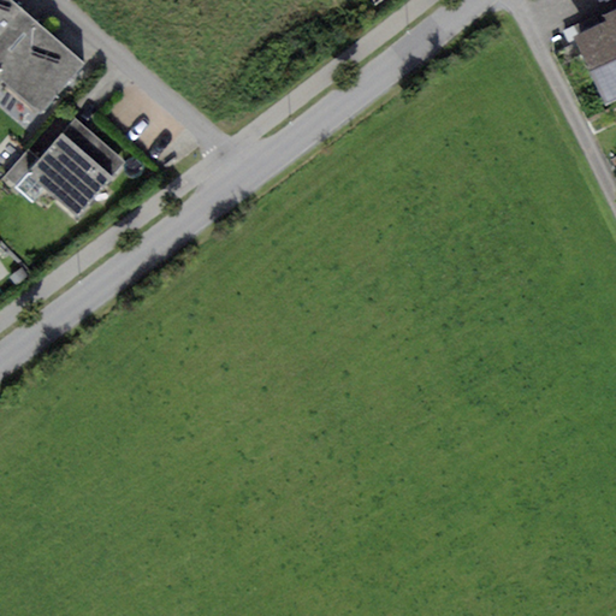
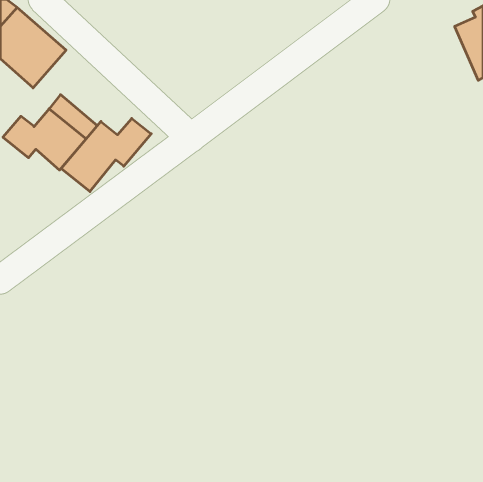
building: none -> [61,118,151,192]

